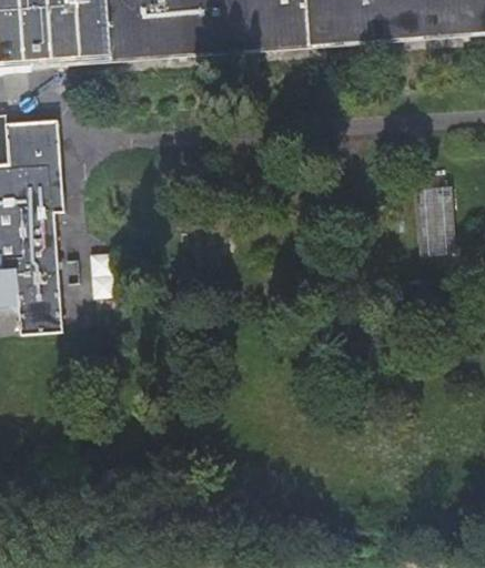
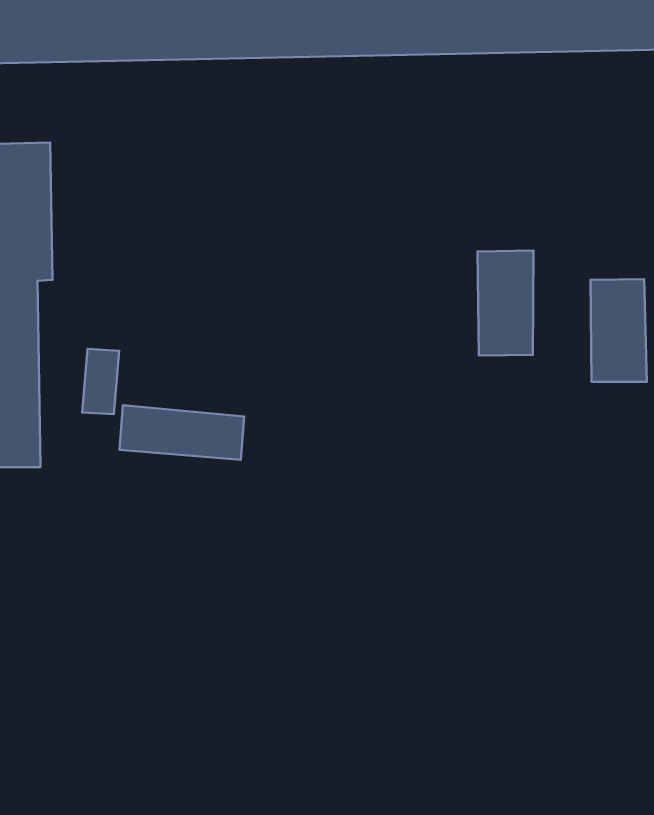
building: none -> [478,251,533,355]
building: none -> [119,405,244,460]

